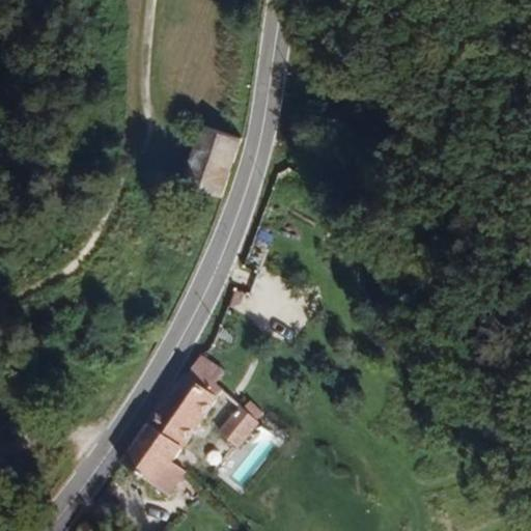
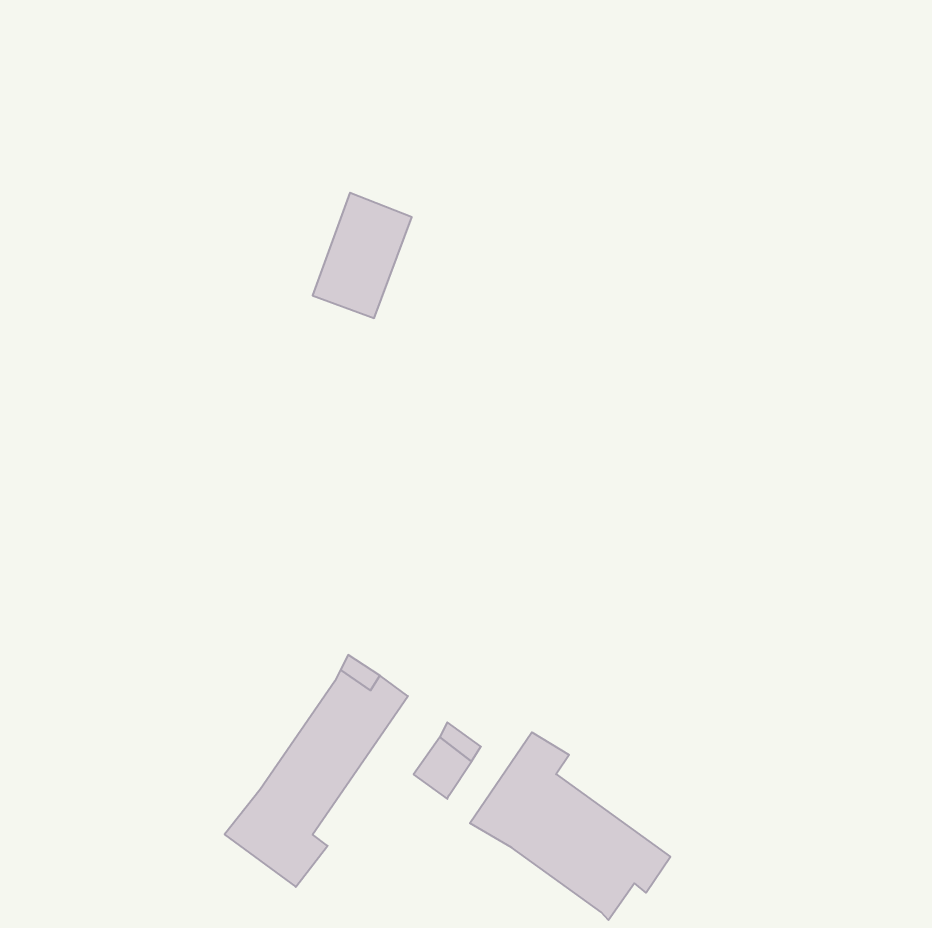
building: none -> [470,732,670,920]

